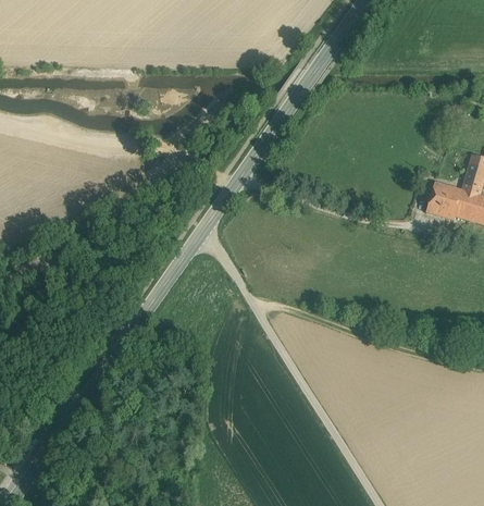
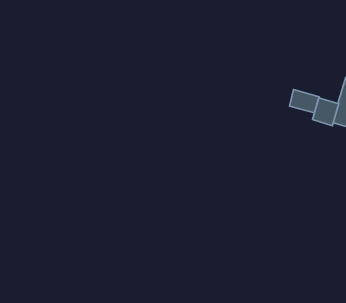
building: none -> [290,89,319,113]

